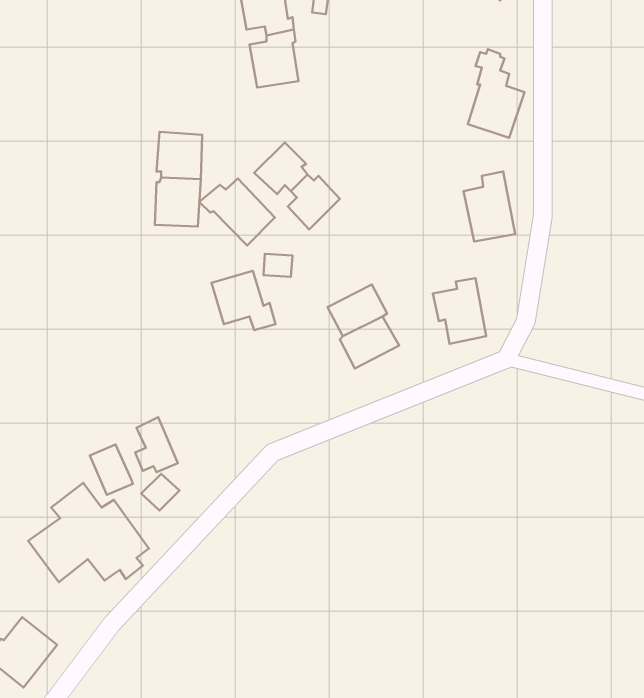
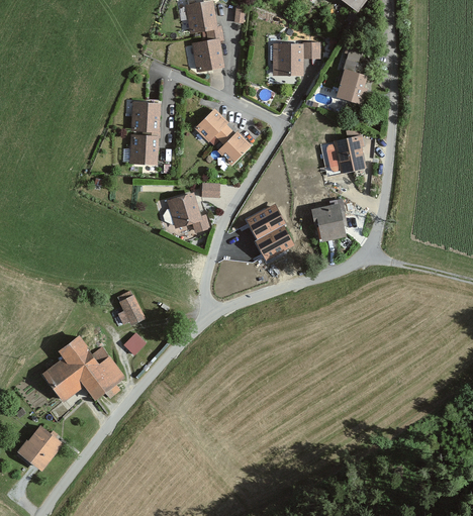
building: none -> [272,42,319,77]
building: [199,178,275,245] -> none
building: [90,444,133,495] -> none

